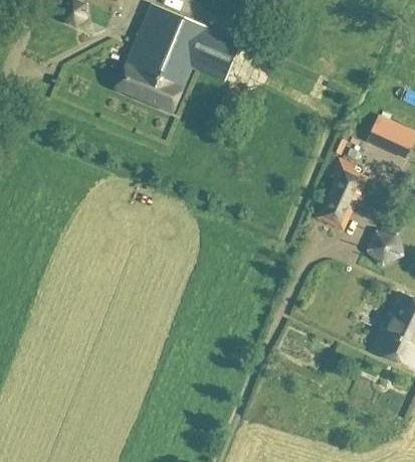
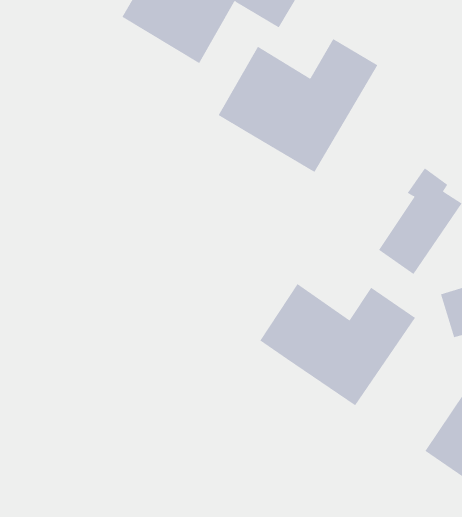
building: none -> [218,38,378,173]
building: none -> [259,283,416,406]

